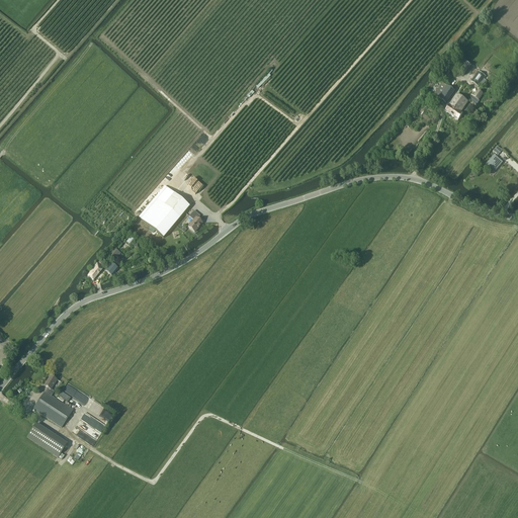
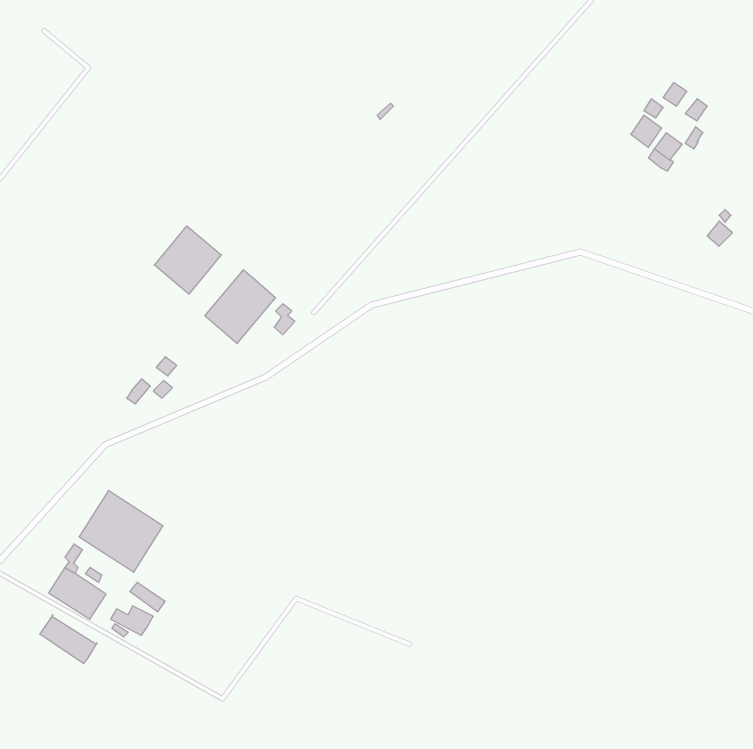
building: none -> [154,226,221,294]
building: none -> [79,490,163,572]

